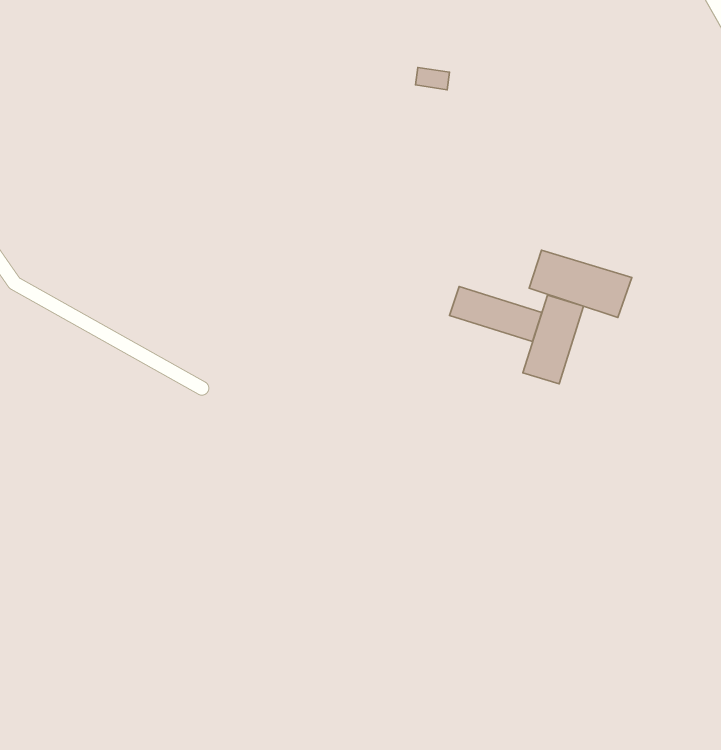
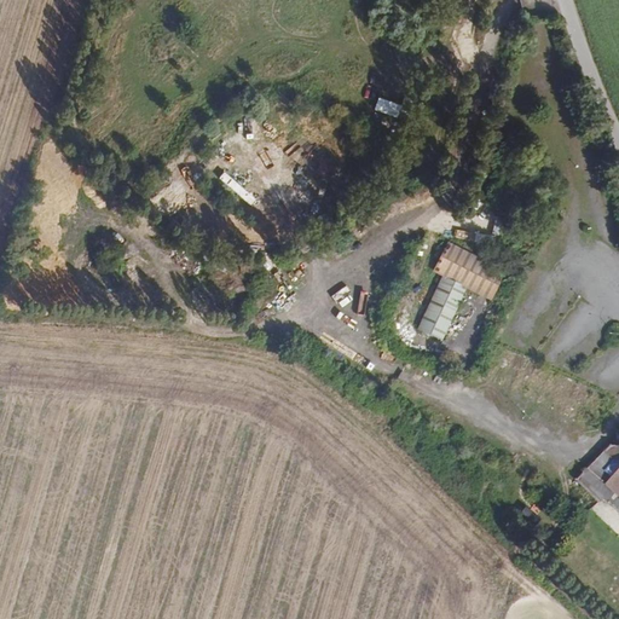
building: [449,286,542,342] -> none

